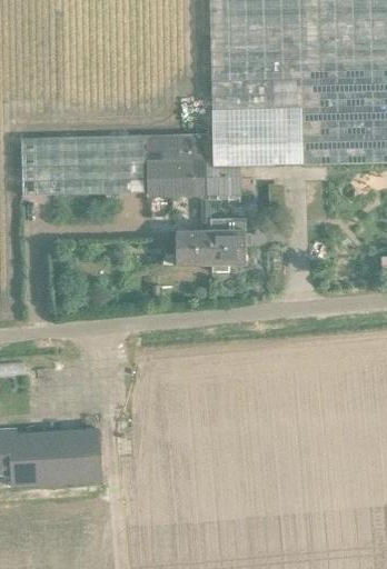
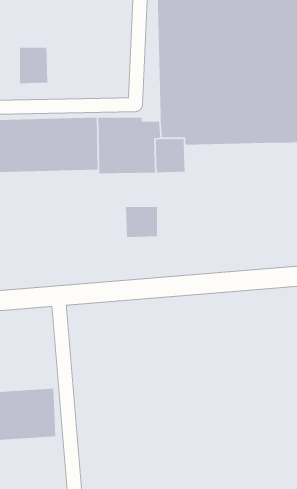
building: none -> [19,47,48,84]
building: [210,230,246,264] -> none

